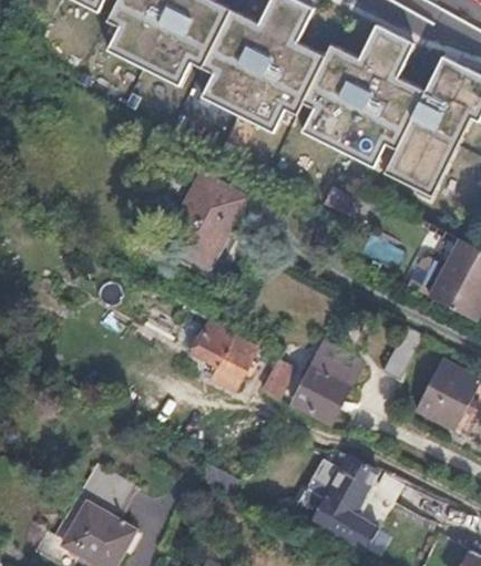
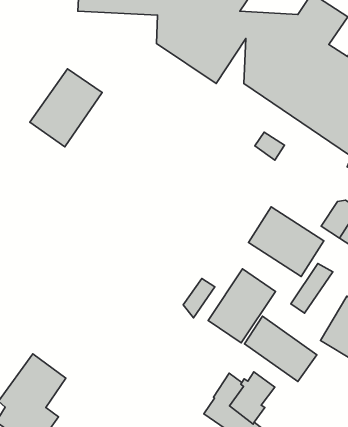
building: [170,175,247,263] -> [30,69,102,147]
building: none -> [249,207,324,277]
building: [195,325,258,391] -> none
building: none -> [244,316,317,381]

